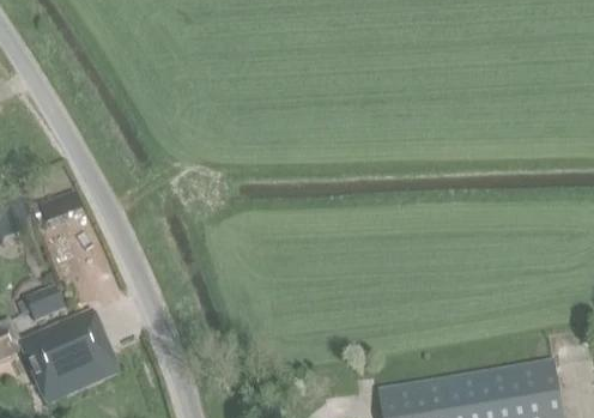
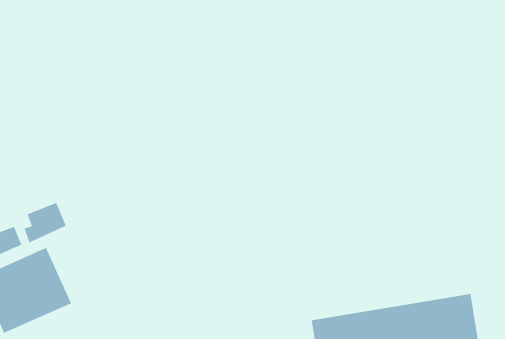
building: none -> [24,202,66,243]

